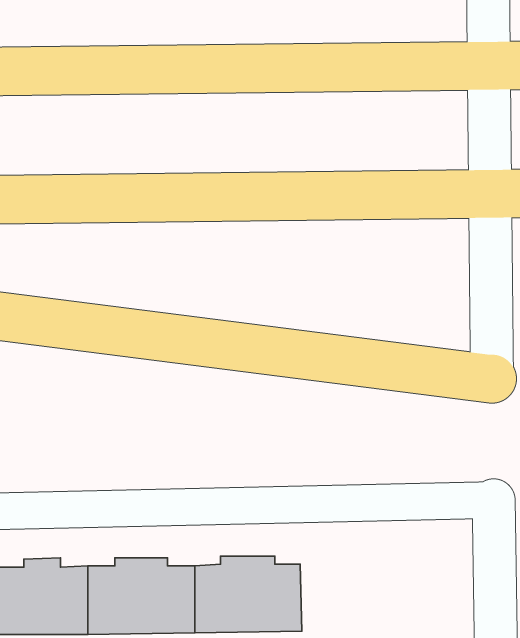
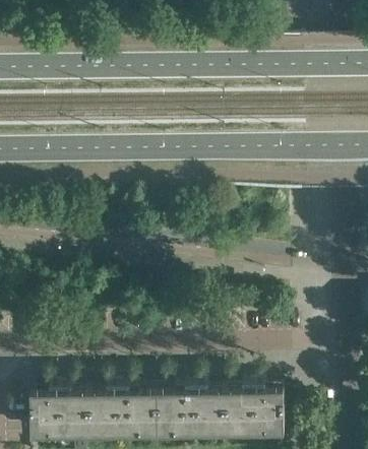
building: none -> [225,387,284,436]

